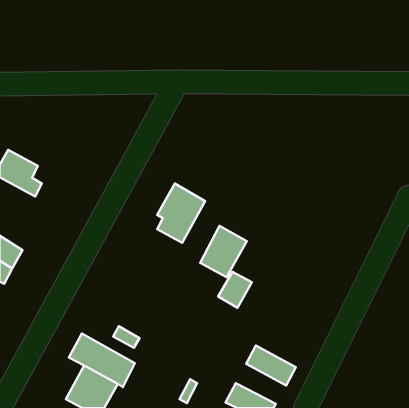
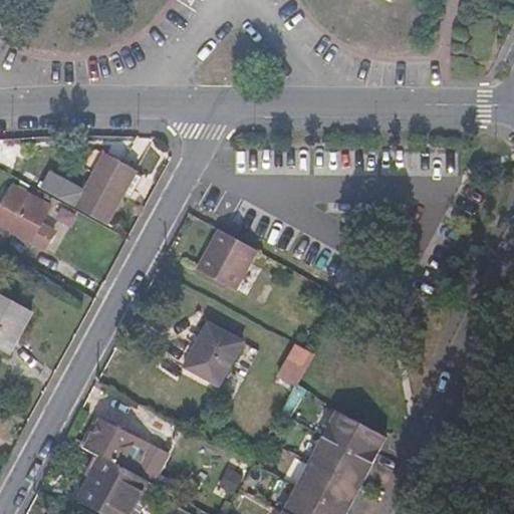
building: none -> [40,153,136,224]
building: [200,226,247,277] -> [186,321,244,386]
building: none -> [320,408,384,460]
building: none -> [295,456,358,506]

